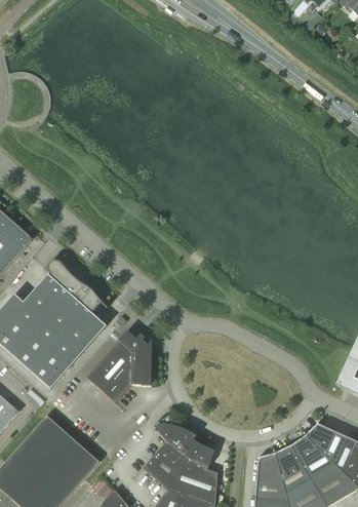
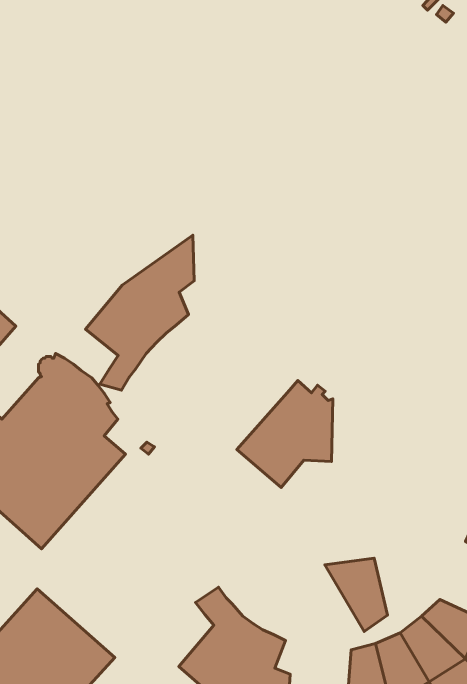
building: none -> [85,235,194,390]
building: [86,330,151,402] -> [237,381,333,488]
building: none -> [325,558,388,631]

